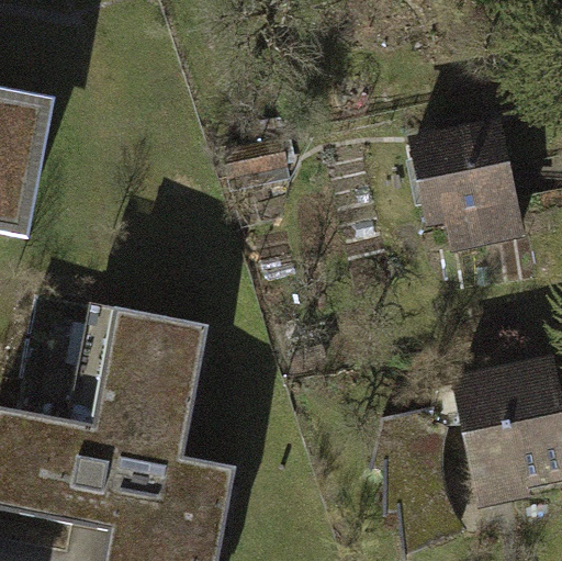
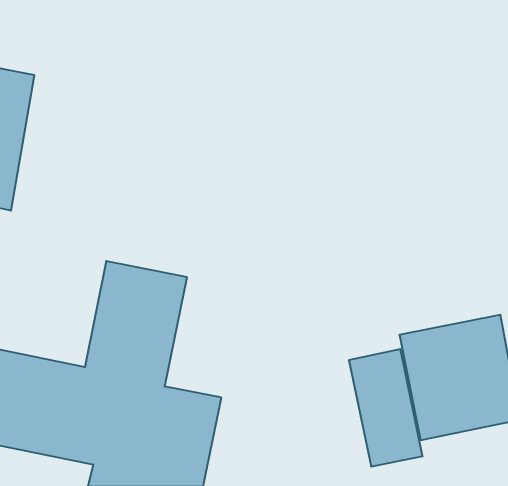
building: [404,123,525,262] -> none

